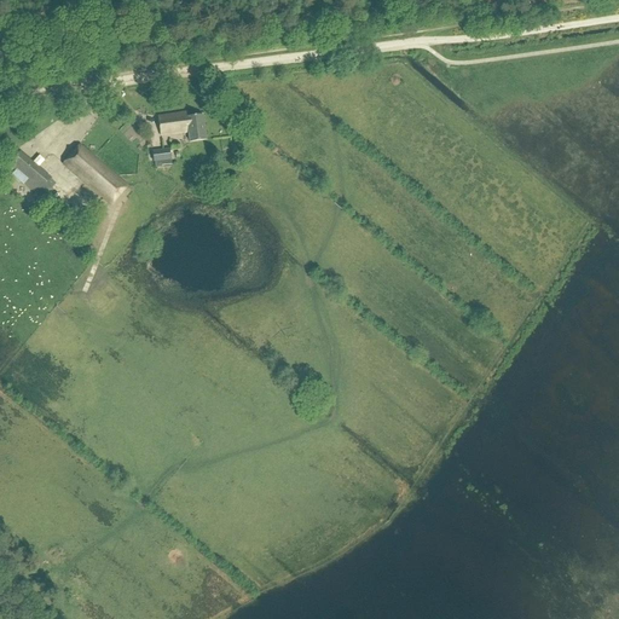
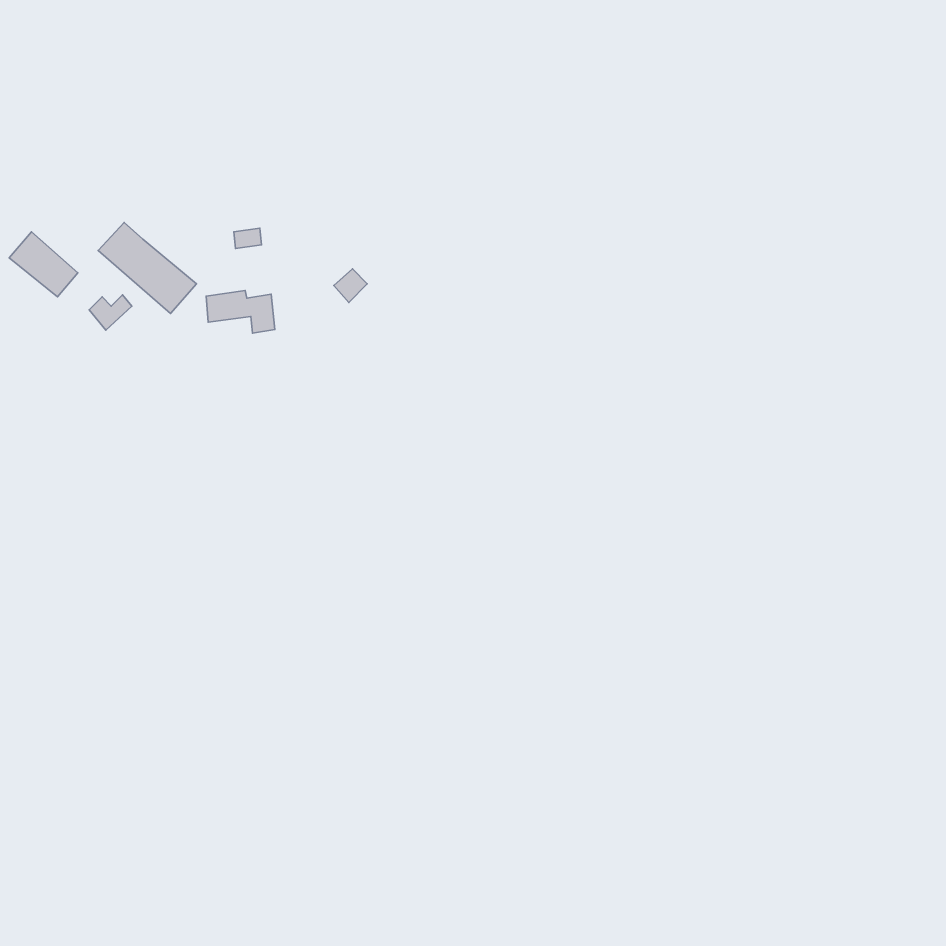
building: [161,114,206,141] -> [206,291,275,333]

